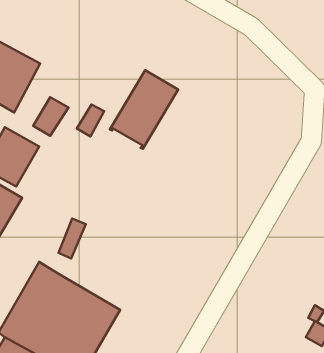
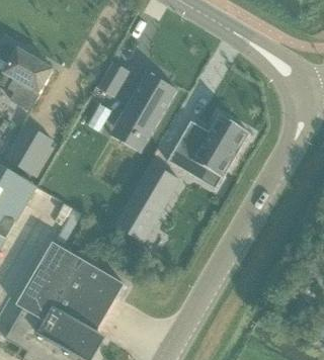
building: [33,97,68,136] -> [97,62,129,96]
building: none -> [167,113,249,188]
building: none -> [114,163,179,243]

